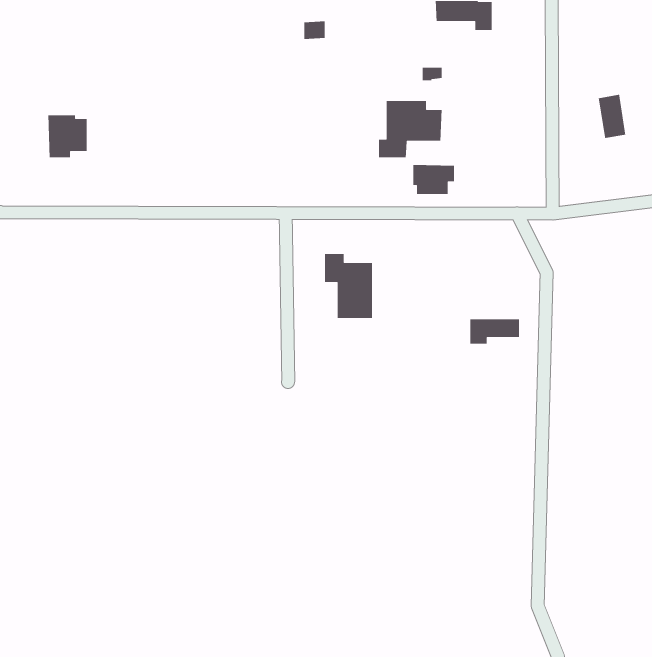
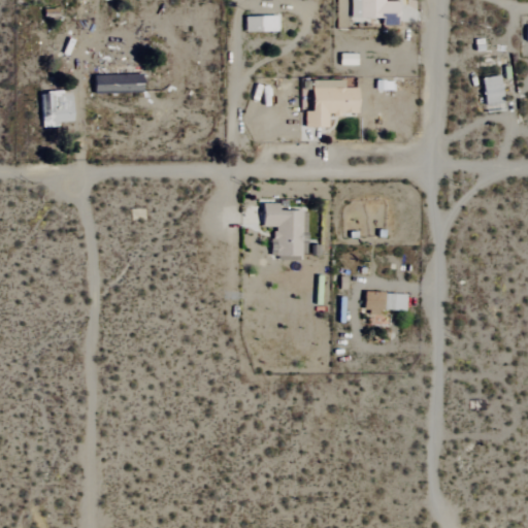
building: none -> [96,74,144,93]
building: [412,164,455,195] -> none
building: [470,319,520,344] -> [367,294,407,315]

